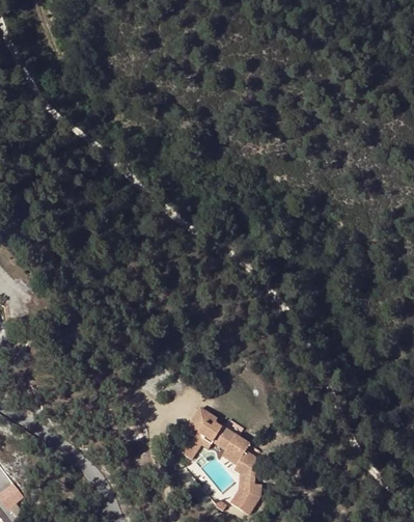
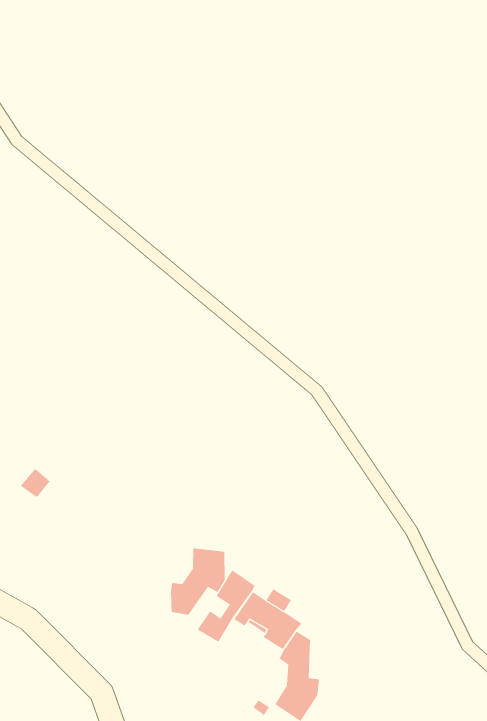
building: none -> [171,547,225,615]

